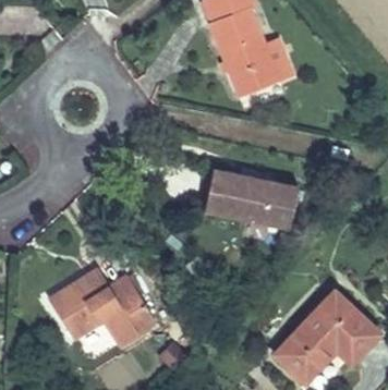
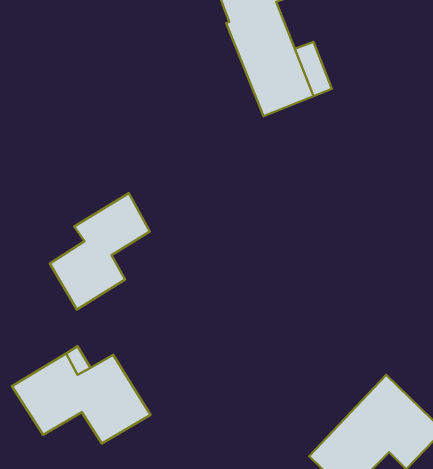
building: none -> [50,193,150,309]
building: [203,169,296,229] -> none

